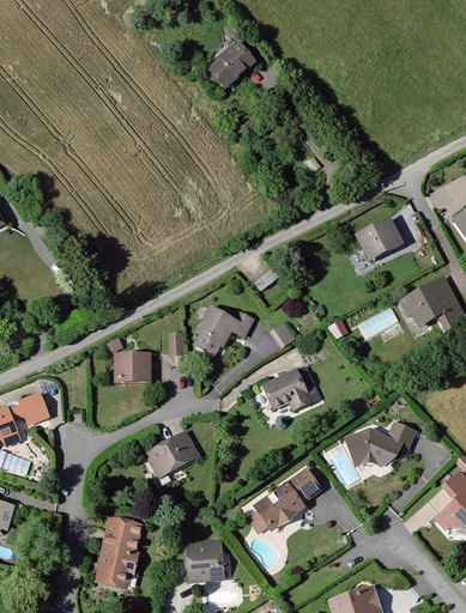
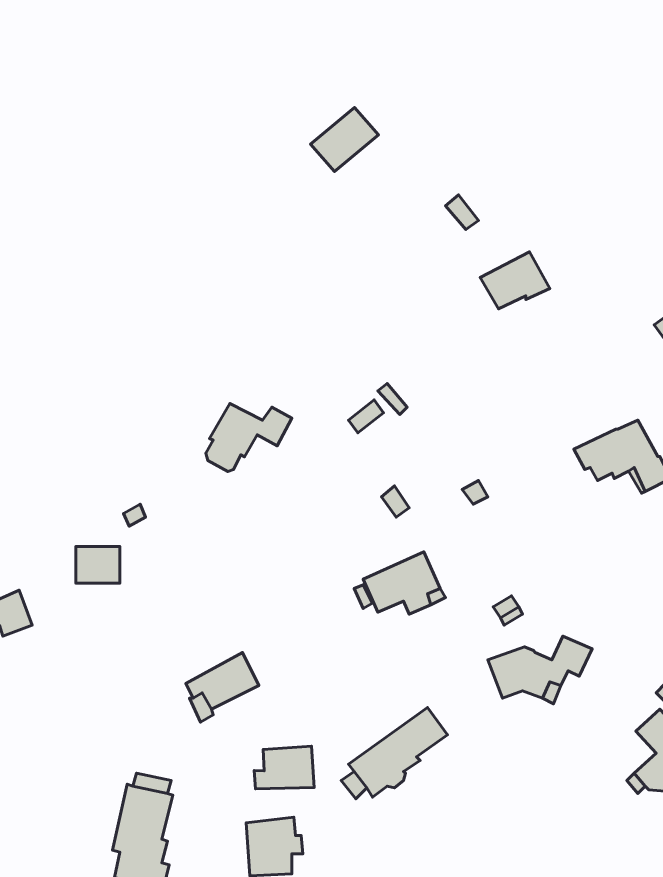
building: [210,44,254,86] -> [311,108,378,172]
building: [357,219,403,256] -> [480,252,550,309]
building: [196,309,253,353] -> [206,404,292,471]
building: [119,356,147,380] -> [76,546,120,583]
building: none -> [254,746,314,789]

